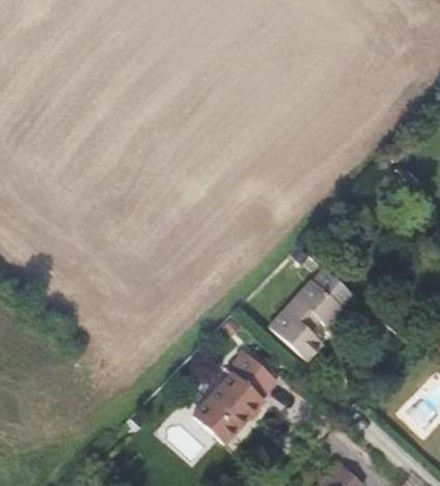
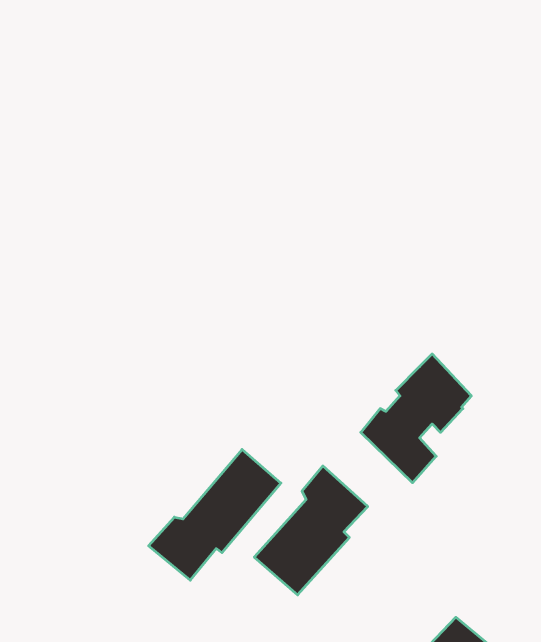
building: none -> [149,449,281,580]

